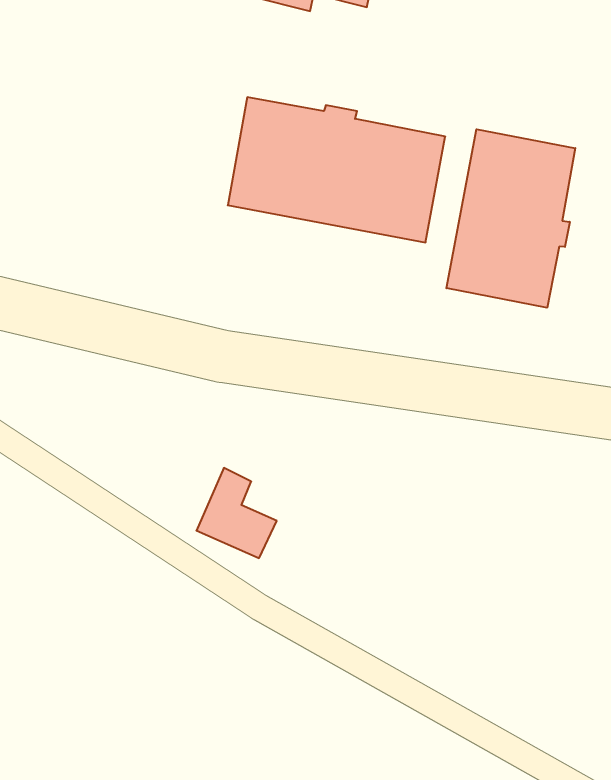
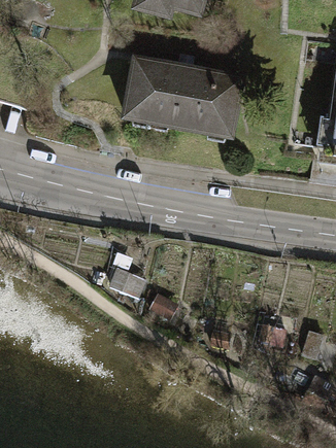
building: [446,129,575,308] -> none

